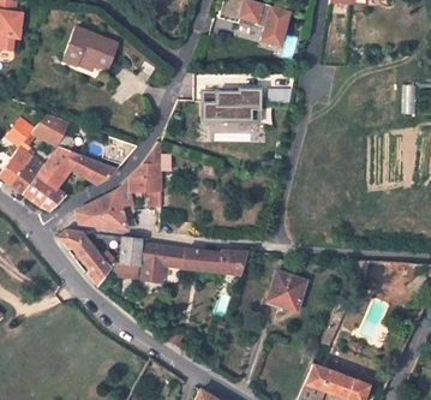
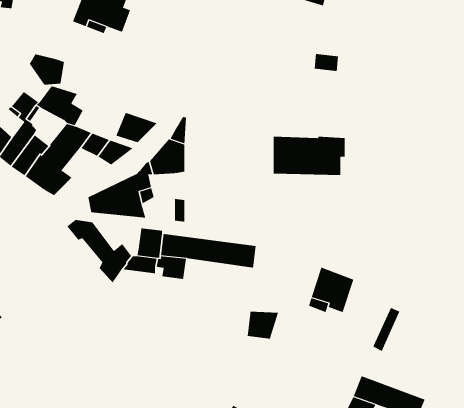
building: none -> [29,53,65,86]
building: [204,88,267,121] -> [273,136,345,175]
building: [220,250,247,274] -> [247,311,279,339]

